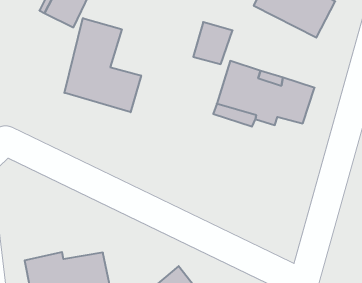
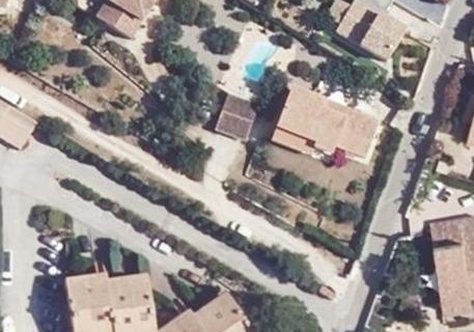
building: [64,18,141,112] -> none
building: [193,22,233,64] -> [216,95,258,140]

